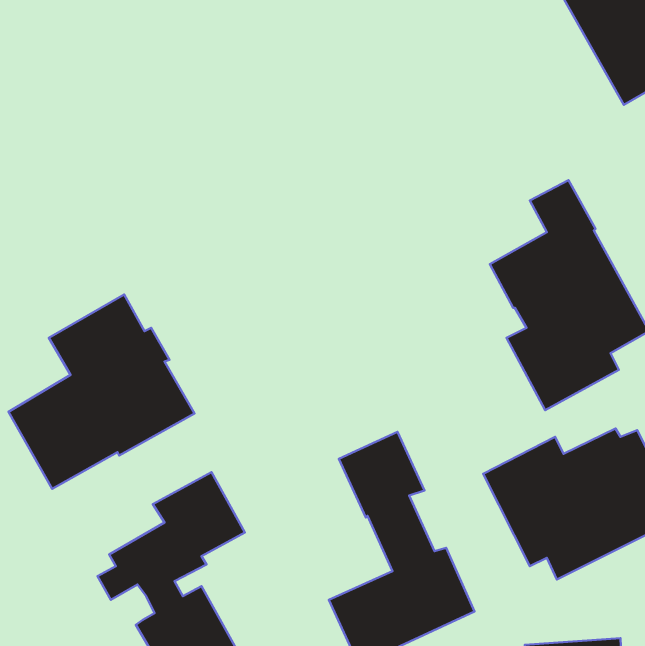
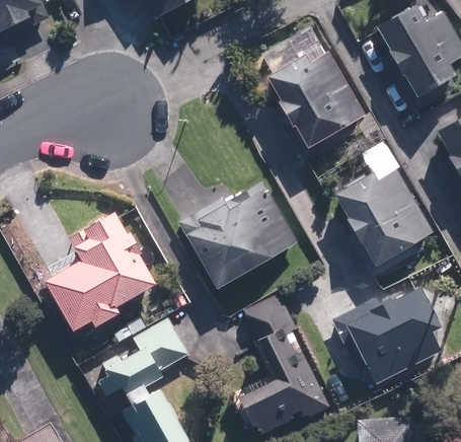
building: none -> [266,52,364,146]
building: none -> [179,180,298,286]

